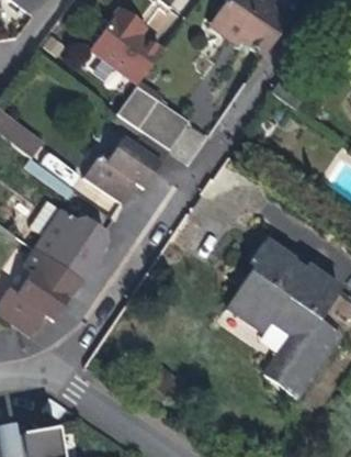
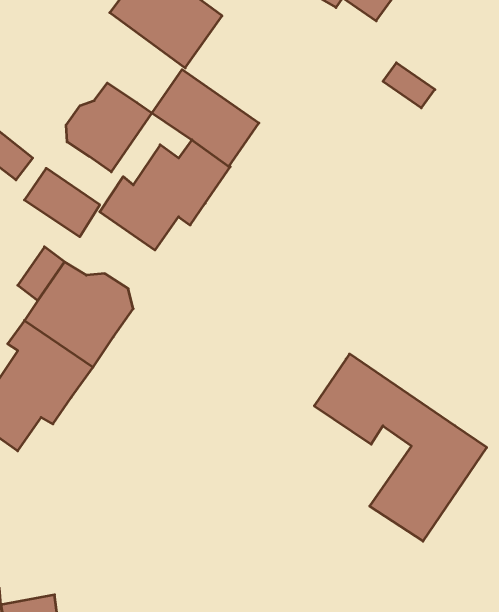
building: none -> [66,83,152,172]
building: [248,237,341,320] -> none

